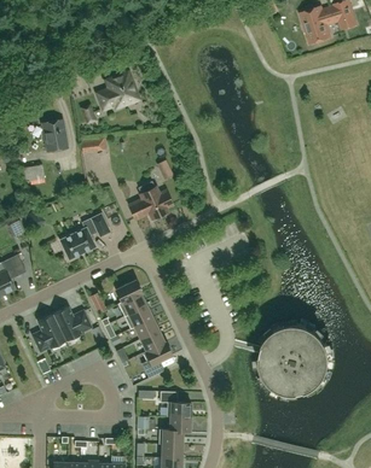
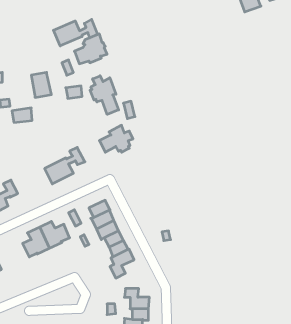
building: none -> [53,19,98,46]
building: none -> [90,76,119,114]
building: [260,323,330,393] -> none

